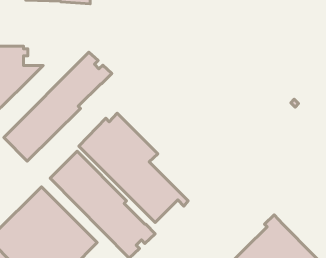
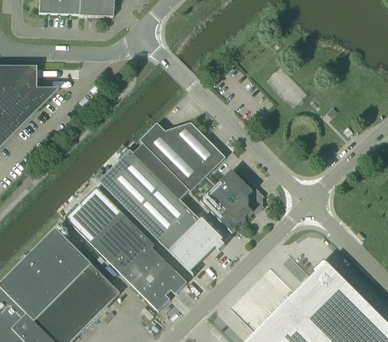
building: [4,52,112,161] -> none
building: none -> [140,122,253,231]

